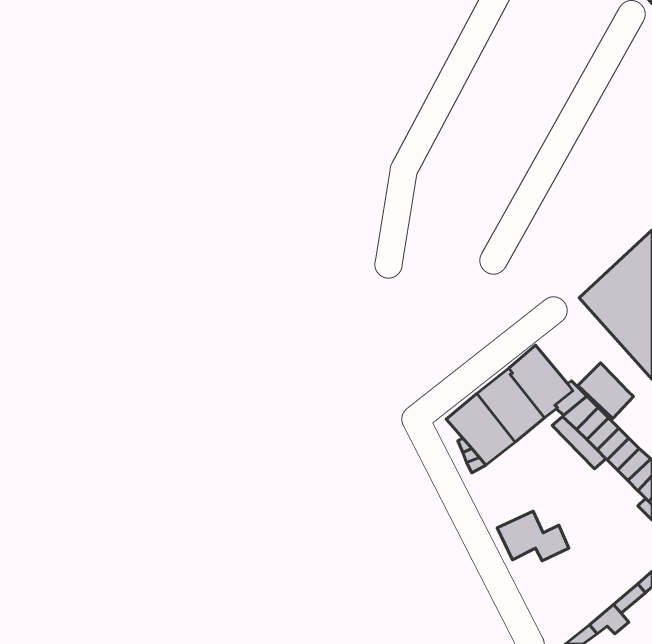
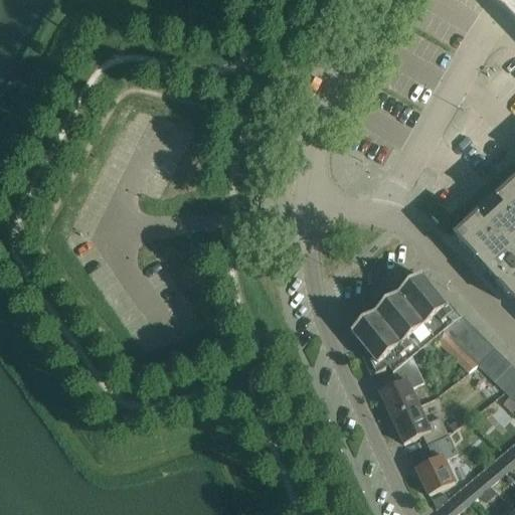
building: [578,363,633,418] -> none
building: none -> [379,353,423,415]
building: none -> [415,432,457,492]

